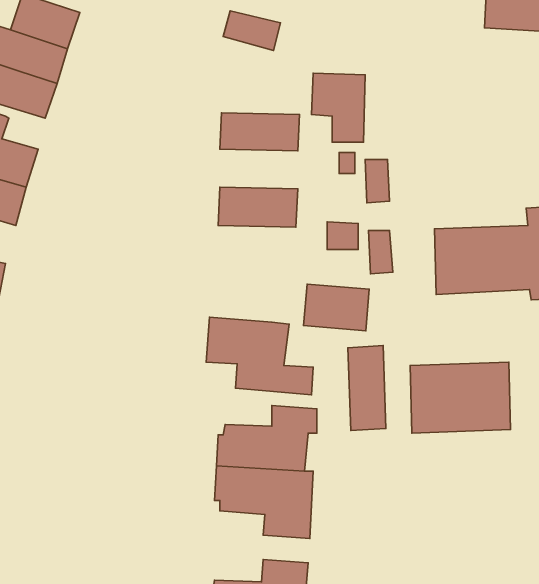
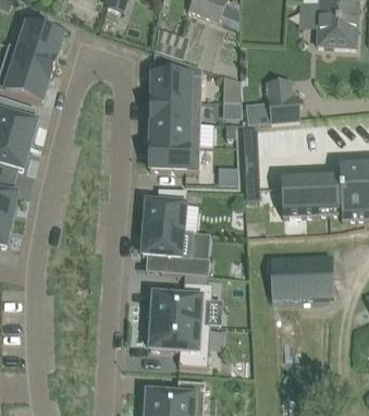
building: none -> [151,74,200,99]
building: none -> [267,79,300,122]
building: none -> [150,121,199,146]
building: [304,284,369,331] -> [144,200,185,230]
building: [348,346,386,431] -> none

